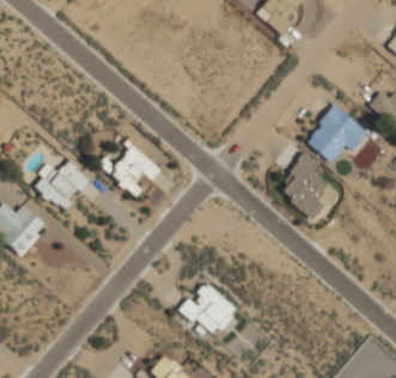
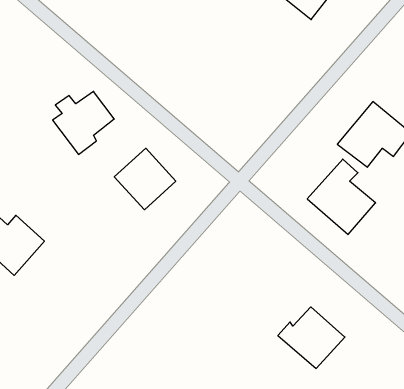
building: [37,159,91,214] -> [53,91,114,154]
building: [179,283,238,337] -> [278,307,345,368]

